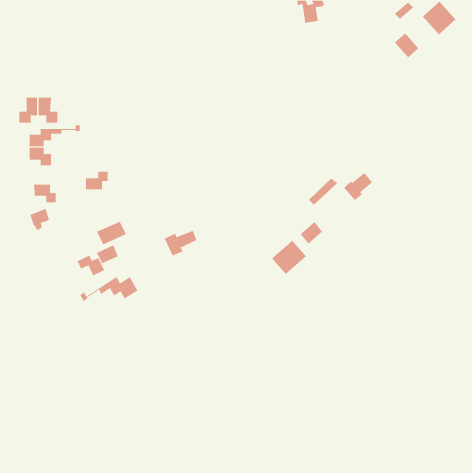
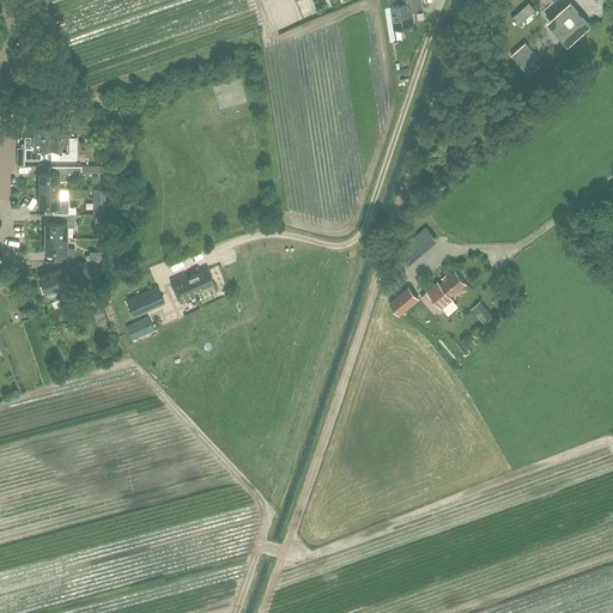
building: [85,171,108,190] -> [43,214,73,238]
building: [343,172,373,201] -> [426,271,465,308]
building: [164,230,197,256] -> [169,269,212,303]
building: [271,240,307,275] -> none
building: [77,255,105,276] -> none
building: [79,276,138,302] -> none

